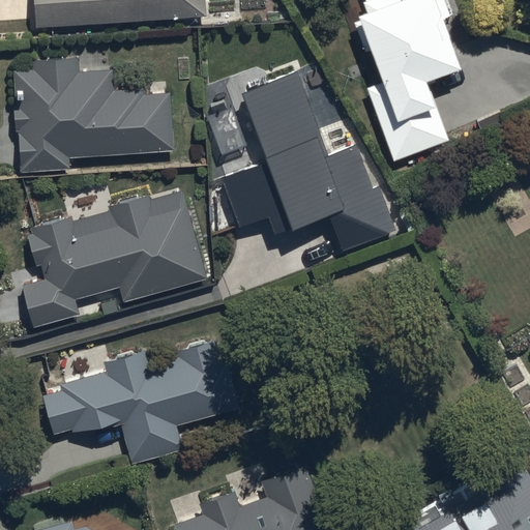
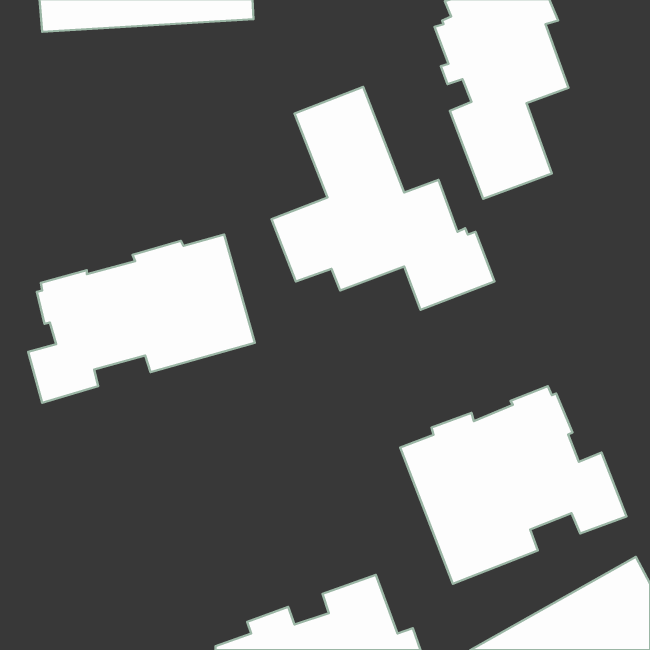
building: [14,59,174,172] -> none
building: none -> [400,386,626,584]
building: [45,342,238,461] -> none

